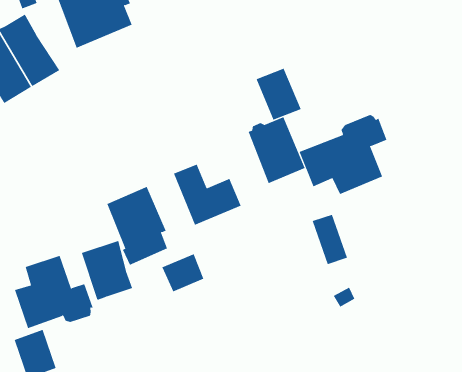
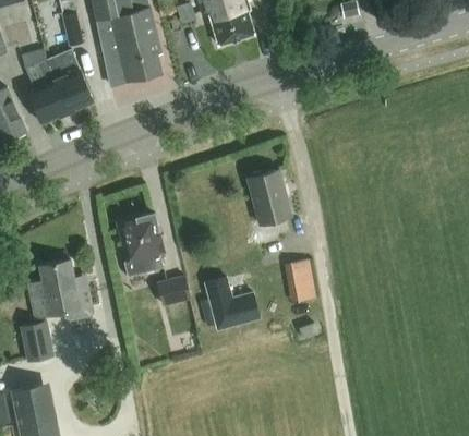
building: [256,68,301,121] -> none
building: [299,114,387,195] -> none
building: [173,164,242,225] -> [205,277,260,329]
building: [81,240,133,301] -> none

